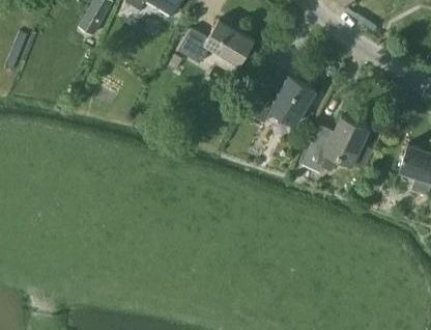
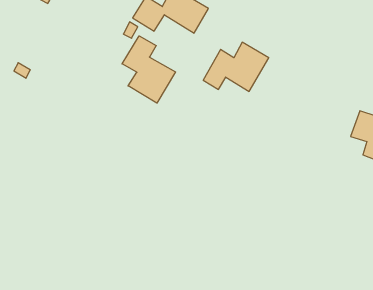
building: none -> [122,36,176,103]
building: [301,117,373,172] -> none

